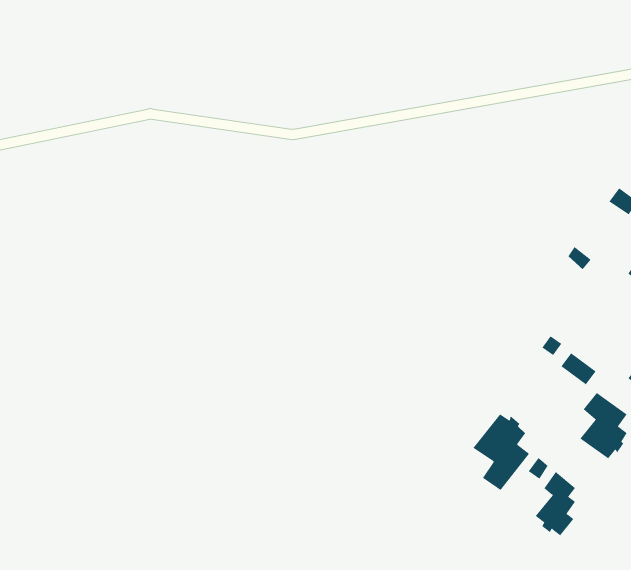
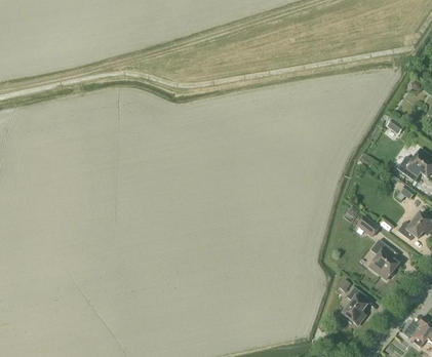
building: [472,413,530,491] -> none

